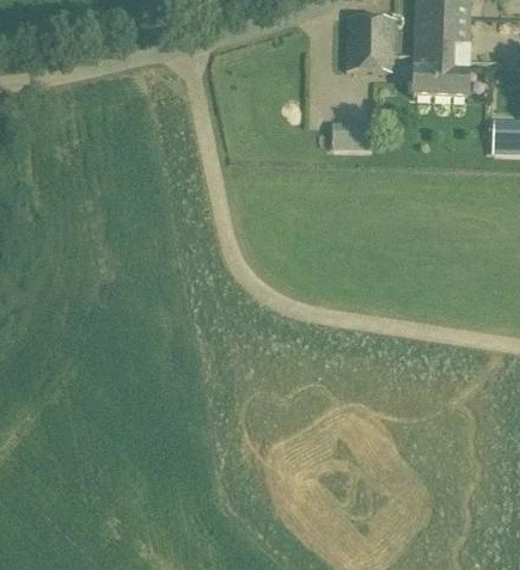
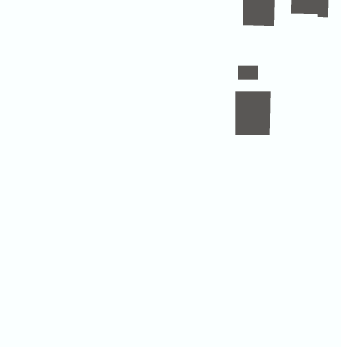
building: [414,51,470,94] -> none
building: none -> [235,91,271,136]

